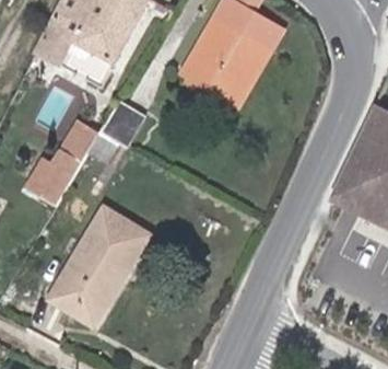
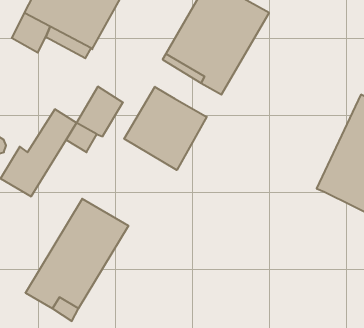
building: none -> [124,87,207,170]

